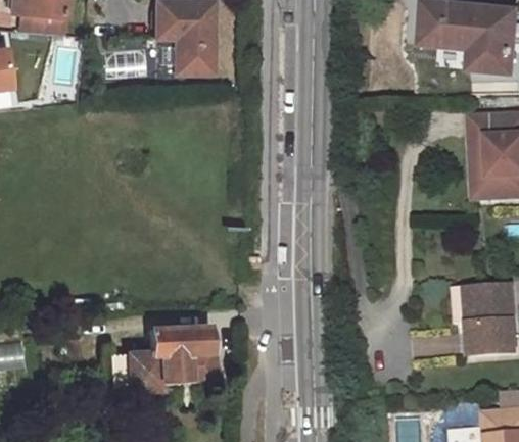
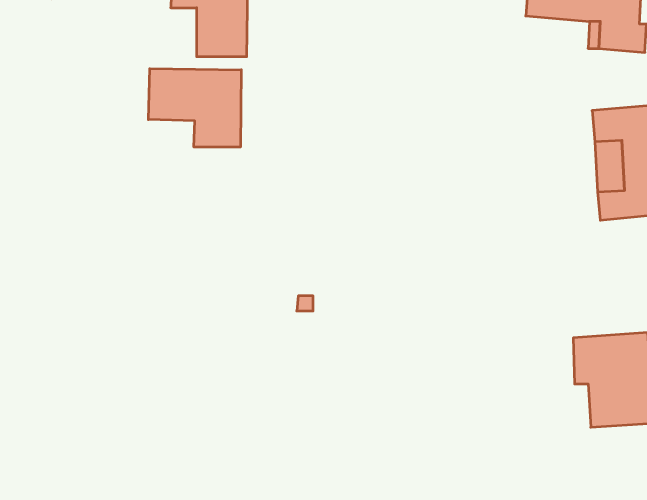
building: none -> [148,69,241,147]
building: [108,327,208,392] -> none

